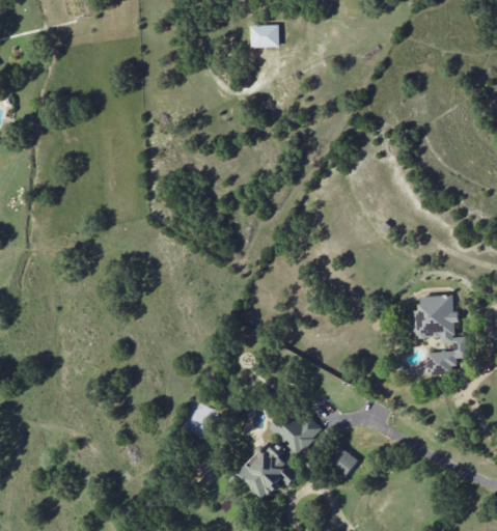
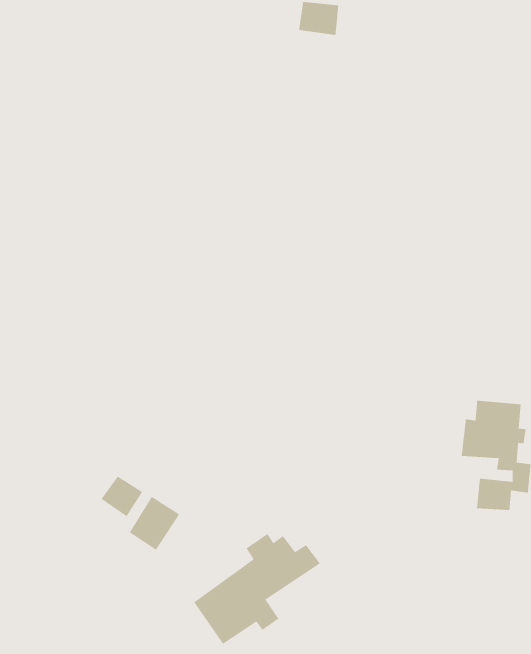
building: none -> [101,476,143,517]
building: [326,445,358,477] -> none

